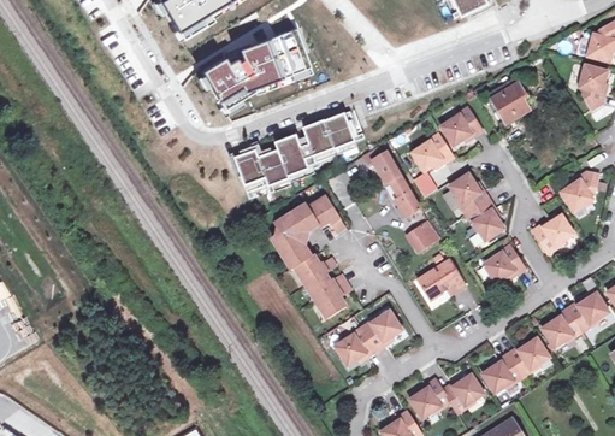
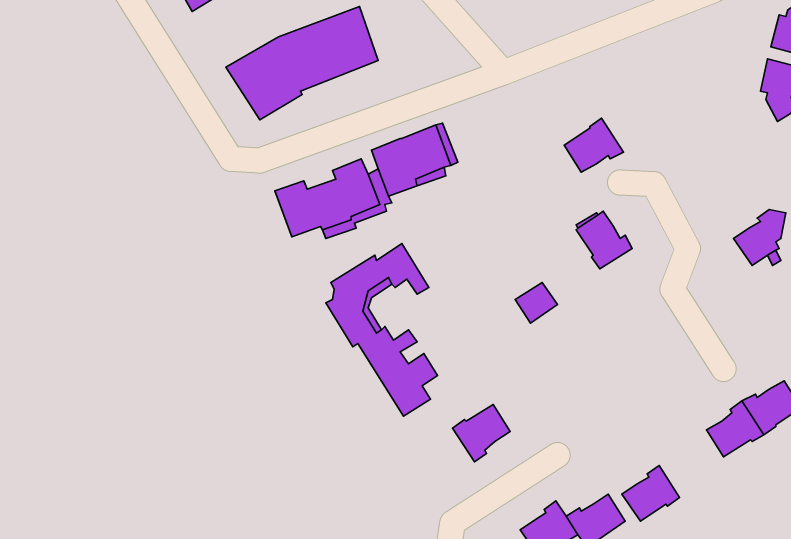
building: [487,77,528,123] -> none
building: [410,132,453,171] -> none
building: [363,147,420,216] -> none
building: [466,199,504,241] -> none
building: [532,213,574,253] -> none
building: [483,244,525,283] -> none
building: [418,259,465,300] -> none
building: [335,326,377,365] -> none
building: [508,337,549,376] -> none

